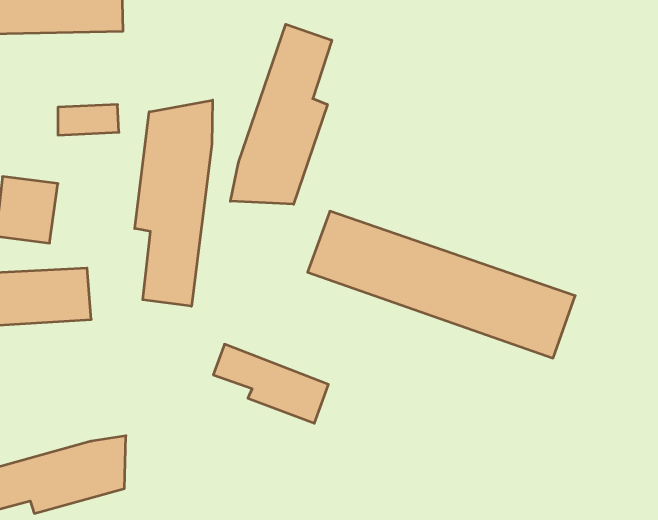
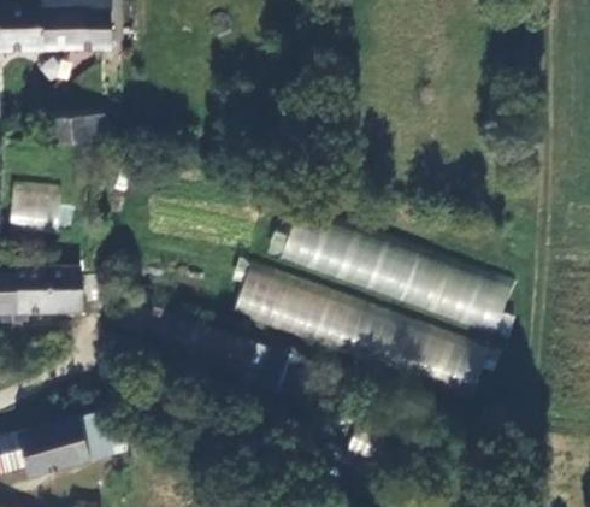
building: [230,24,332,204] -> none
building: [135,100,213,306] -> none
building: none -> [213,260,495,406]

